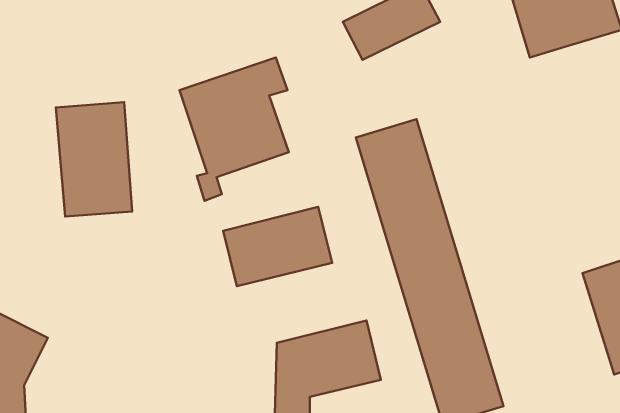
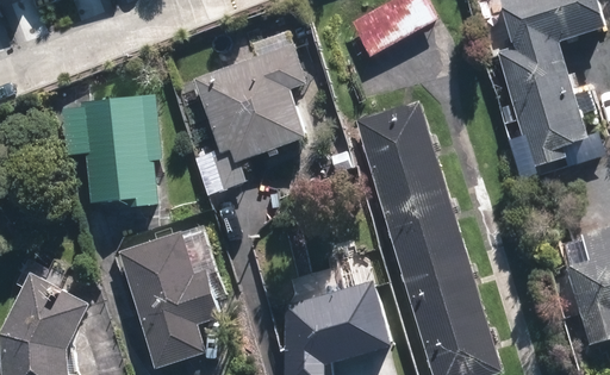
building: none -> [504,42,585,164]
building: [223,207,332,286] -> none
building: none -> [126,242,213,363]

